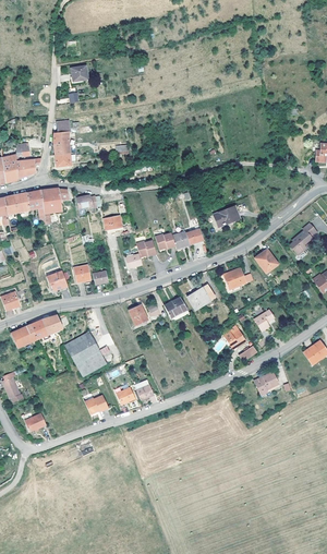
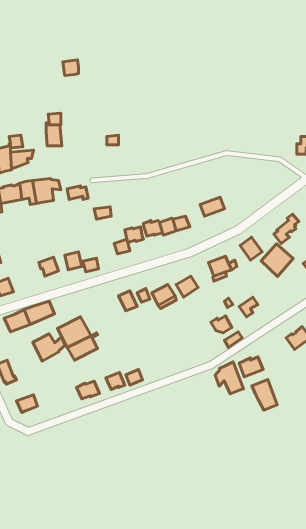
building: none -> [261,244,293,277]
building: none -> [33,334,65,361]
building: none -> [215,362,244,394]
building: none -> [252,380,277,410]

